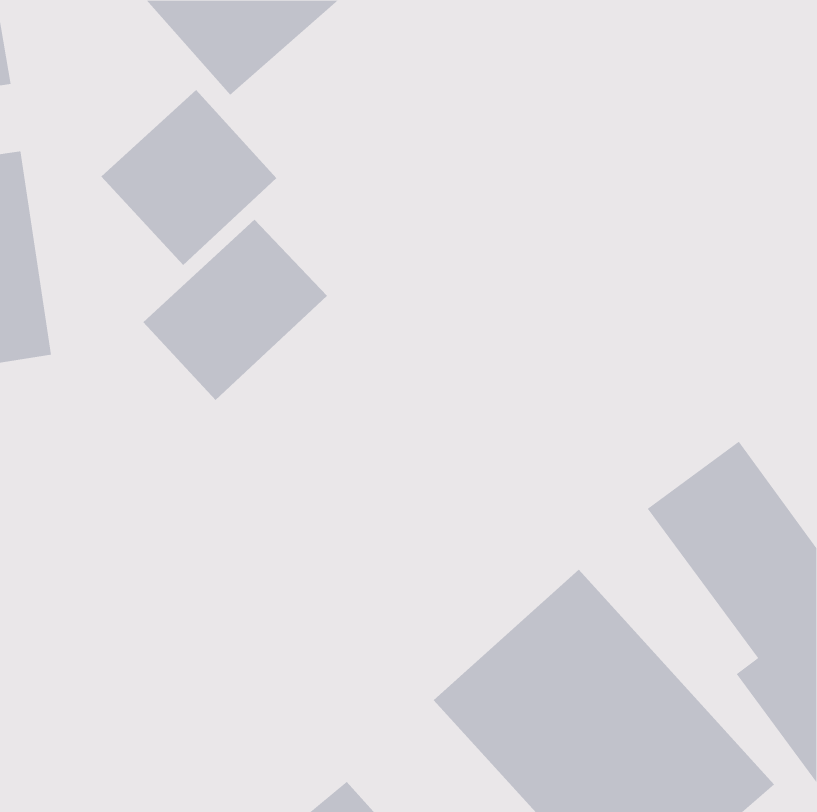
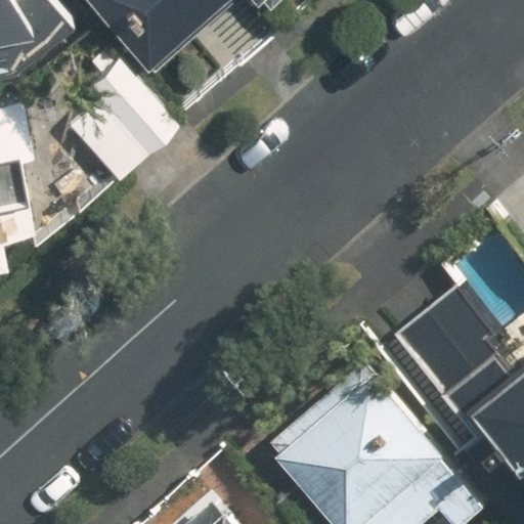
building: [143,219,328,401] -> none

